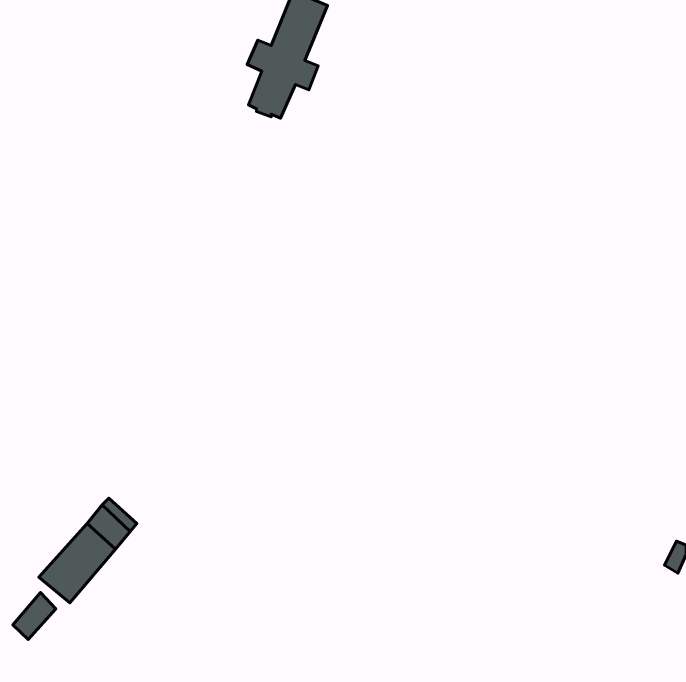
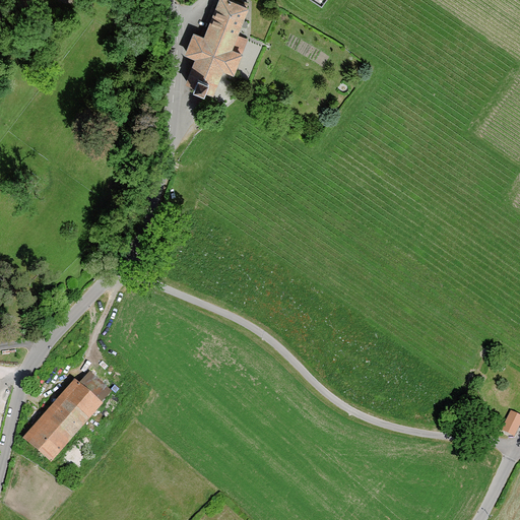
building: [13,593,56,640] -> none

